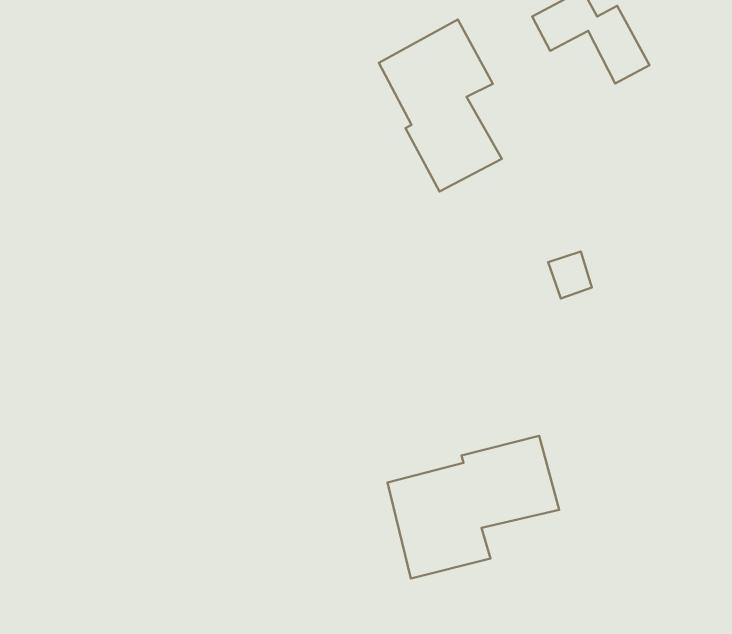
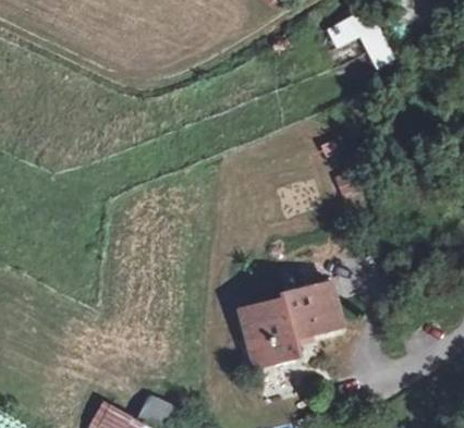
building: [379,20,502,191] -> none

